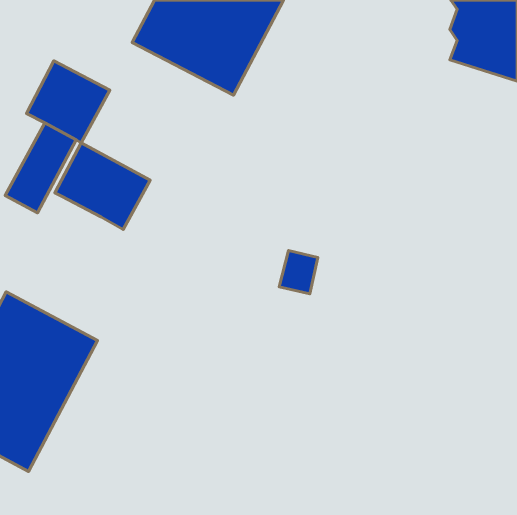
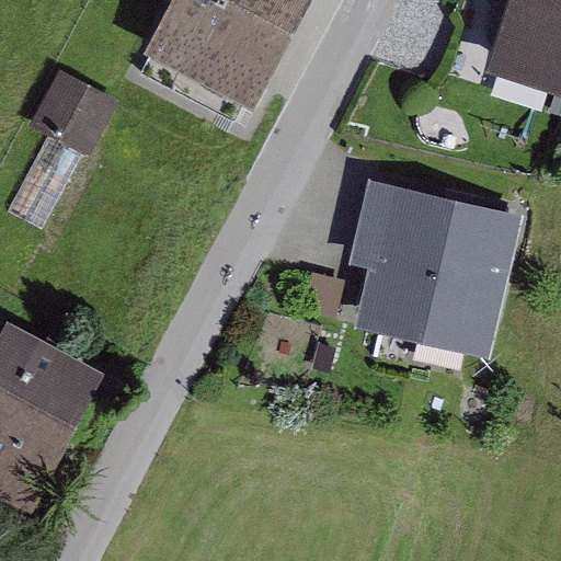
building: [55,143,150,229] -> none
building: none -> [348,179,520,358]

